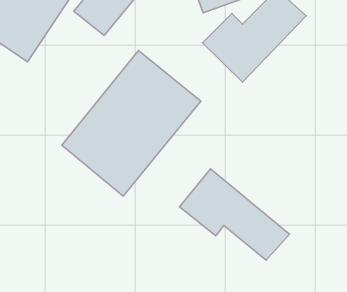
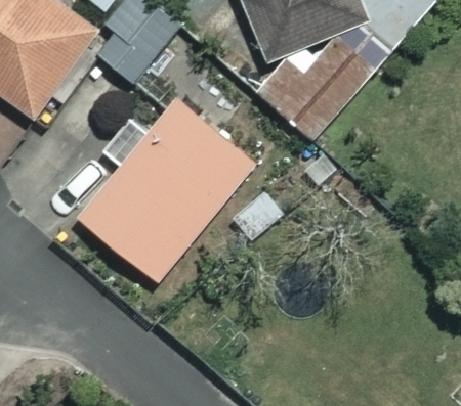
building: [180,169,289,260] -> none

